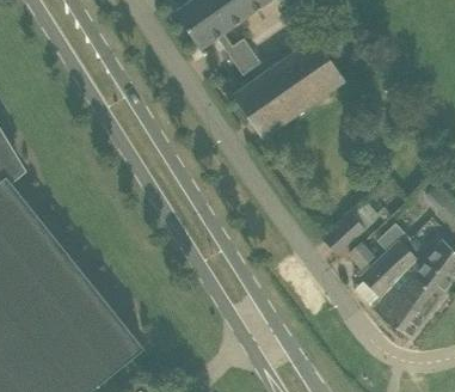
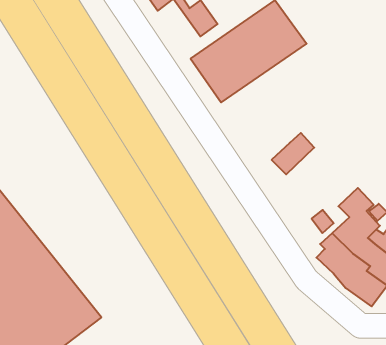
building: [322,214,364,255] -> [272,133,314,174]

